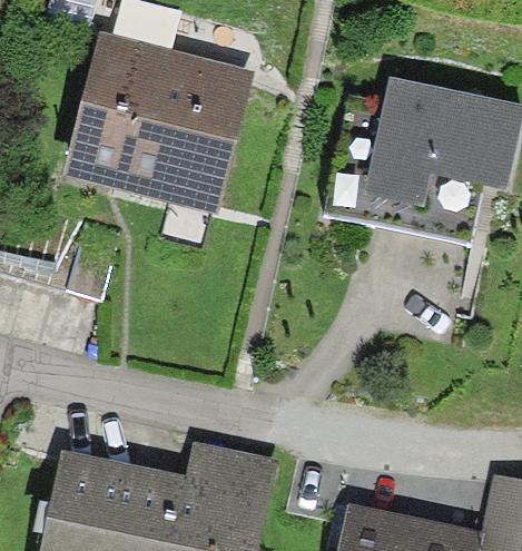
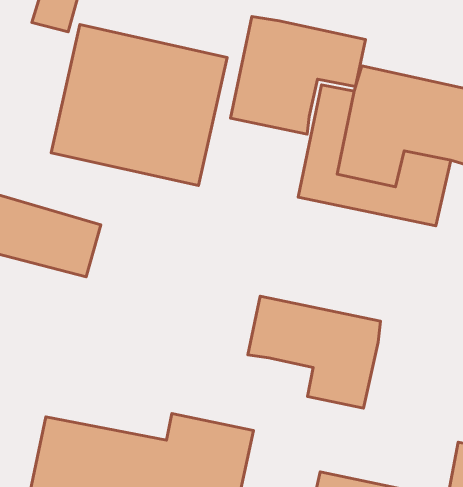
building: none -> [231,17,365,134]
building: none -> [248,296,381,408]

